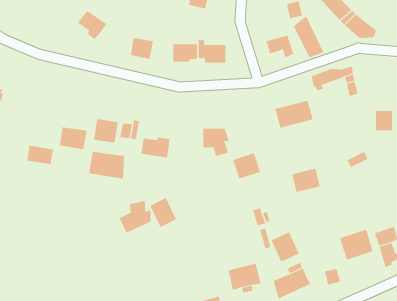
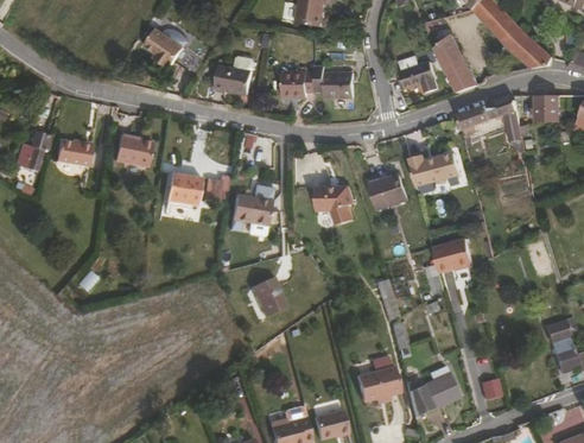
building: [375,111,393,131] -> [528,94,552,121]
building: [59,127,87,150] -> [116,135,154,166]
building: [26,145,54,164] -> [57,140,94,166]
building: [89,151,124,180] -> none
building: [233,153,261,179] -> [370,173,408,209]
building: [119,200,151,234] -> none
building: [340,229,373,261] -> none
building: [271,231,300,262] -> none

